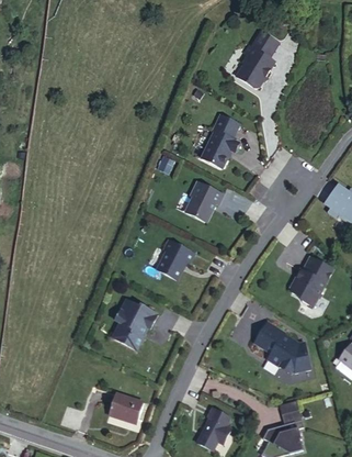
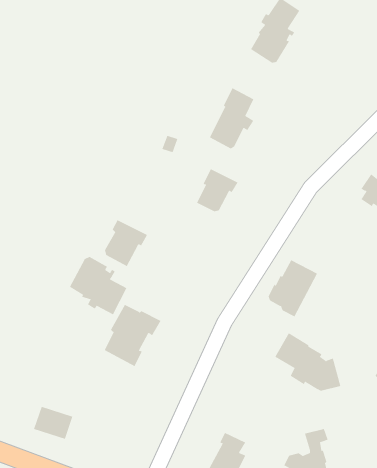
building: [157,241,194,281] -> [104,219,148,267]
building: none -> [69,256,127,315]
building: [292,258,334,308] -> [268,259,318,317]
building: [109,394,143,423] -> [33,406,73,439]

